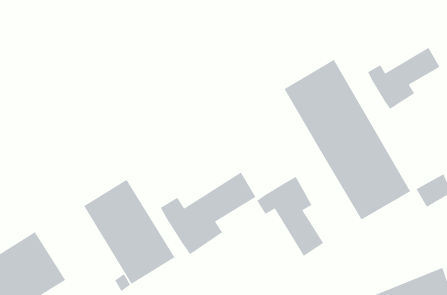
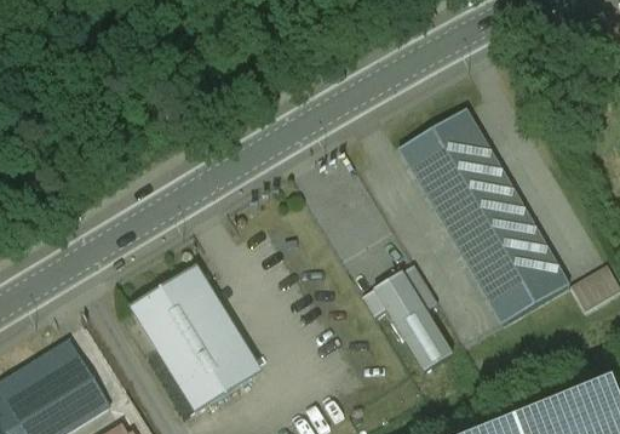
building: [367,47,440,110] -> none
building: [160,172,256,255] -> none

